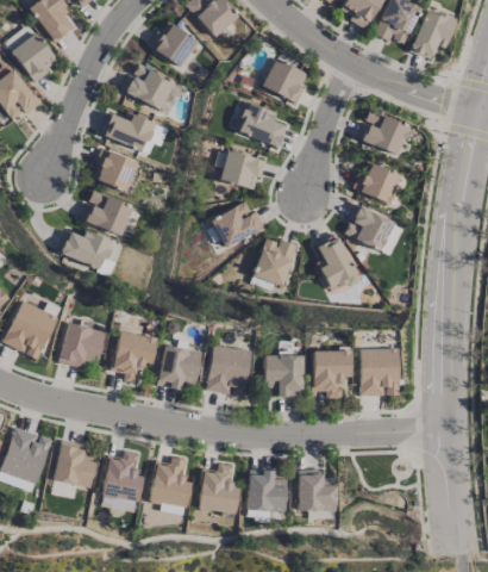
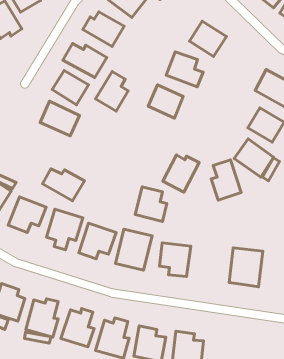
building: none -> [96,72,128,111]
building: [211,200,263,248] -> none
building: [60,230,114,269] -> [42,169,85,201]
building: none -> [135,187,167,221]
building: [312,350,350,399] -> none

